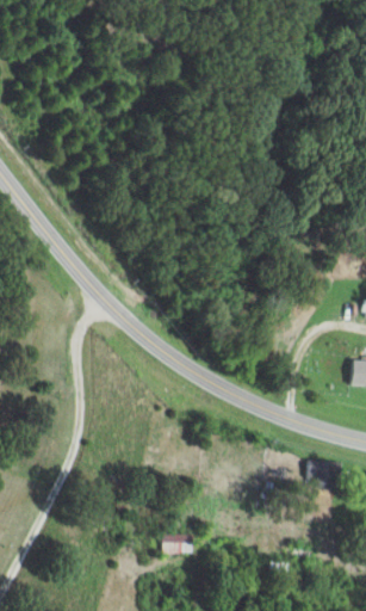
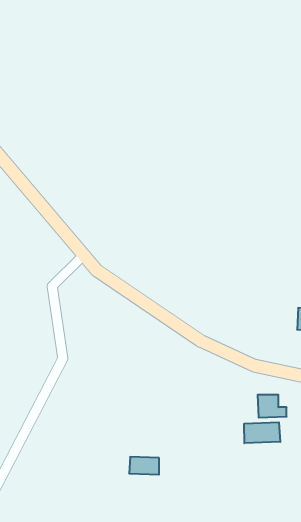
building: none -> [244,422,280,443]

